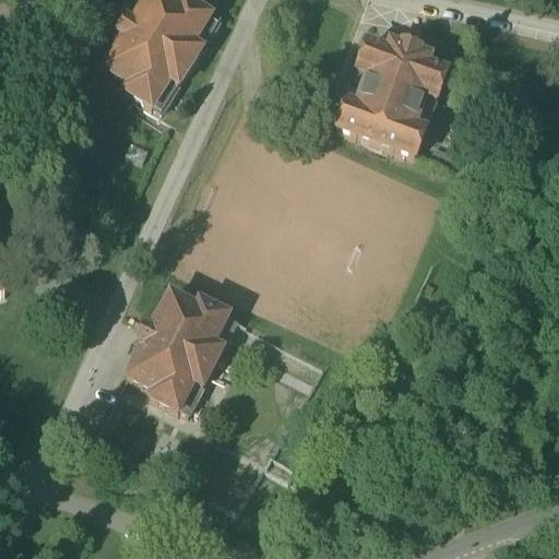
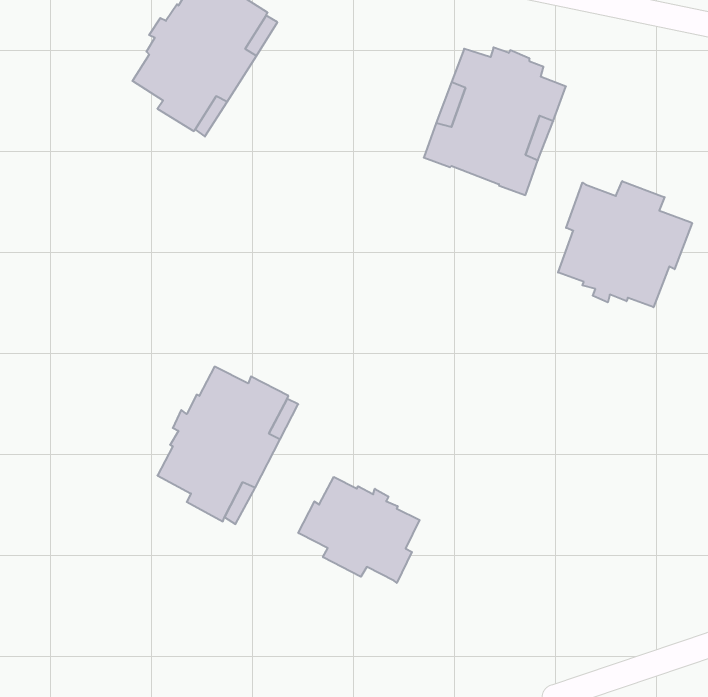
building: none -> [558,181,692,307]
building: none -> [298,477,420,583]

